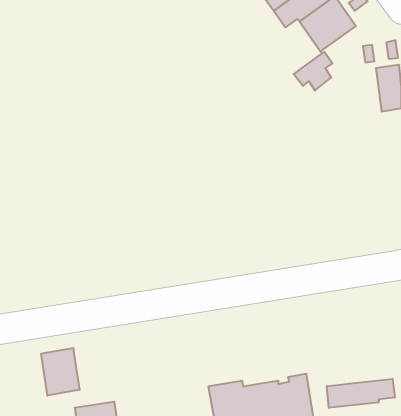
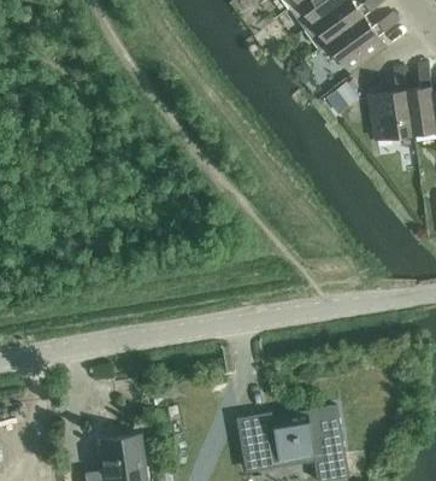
building: none -> [370,90,414,140]
building: [41,348,80,396] -> none
building: [327,379,395,408] -> none

